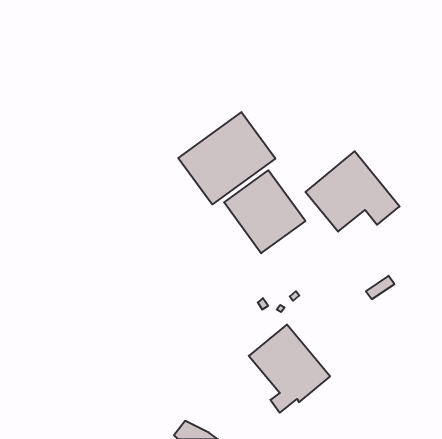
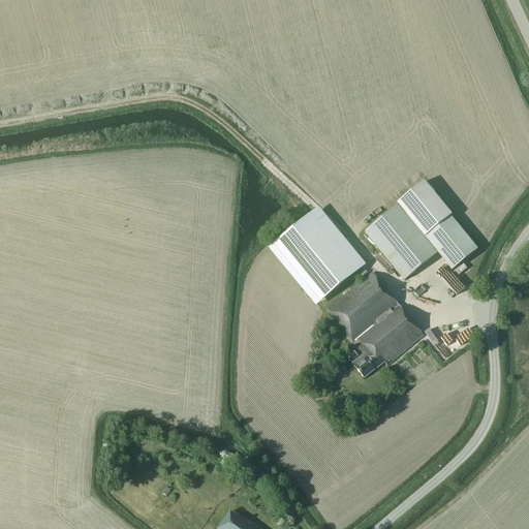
building: [178,112,275,204] -> none
building: [249,325,330,413] -> [326,271,424,376]

